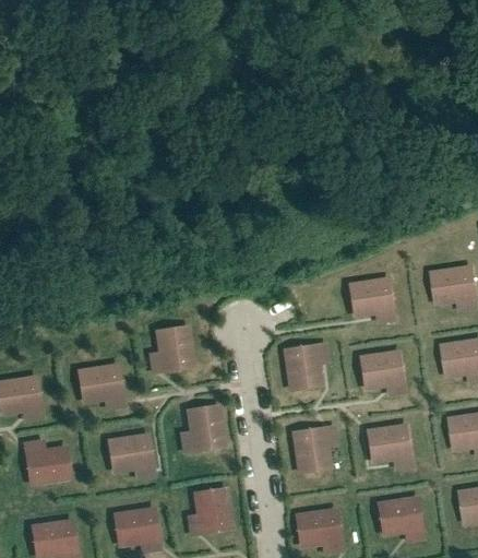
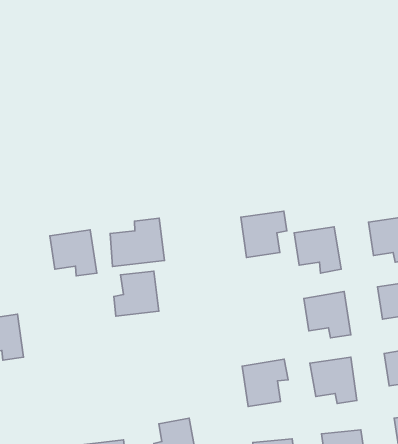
building: none -> [110,218,164,266]
building: [280,340,332,391] -> [241,211,287,257]
building: [74,360,127,412] -> [50,230,97,276]
building: [176,402,226,453] -> none
building: [105,430,157,482] -> none
building: [24,446,74,491] -> none

